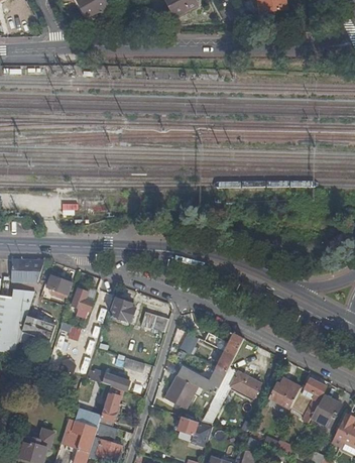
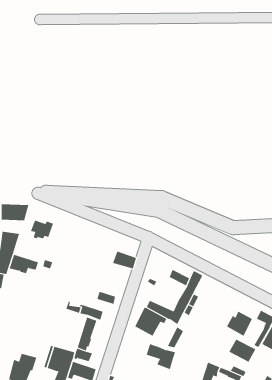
building: [72,287,93,317] -> none
building: [109,297,134,321] -> none
building: [229,370,260,397] -> [229,339,256,363]

